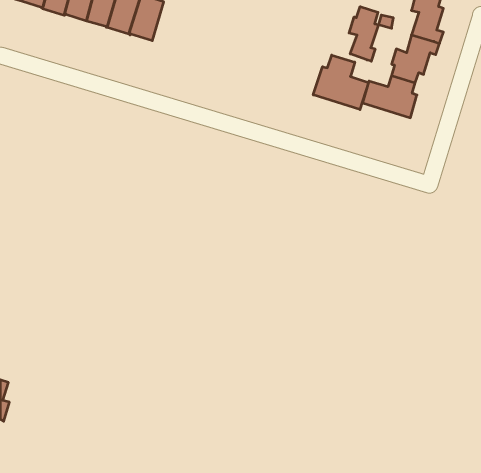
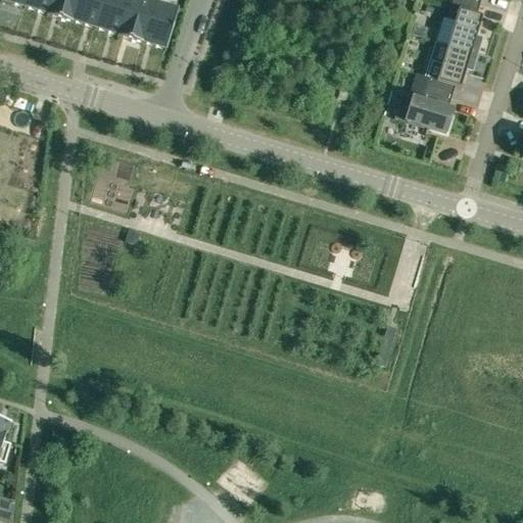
building: [349,7,378,61] -> none
building: [313,55,369,110] -> none

